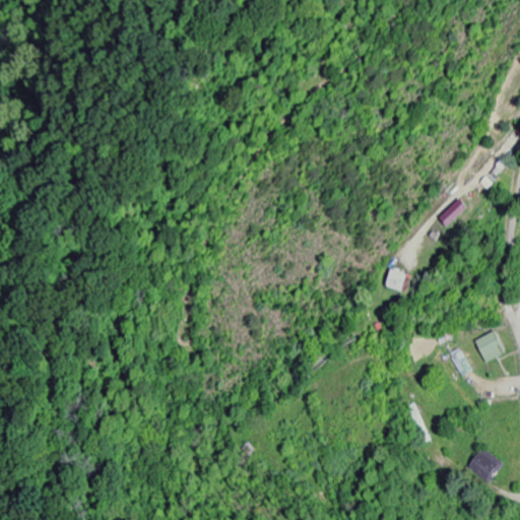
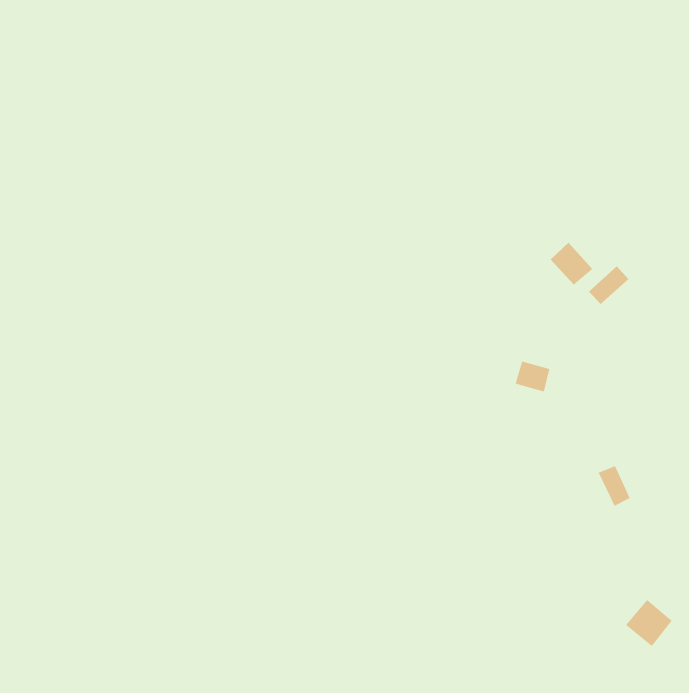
building: none -> [550,242,593,285]
building: [473,331,505,363] -> none

